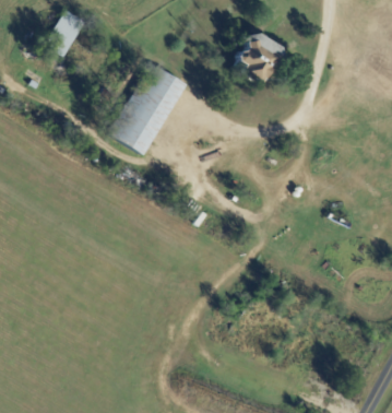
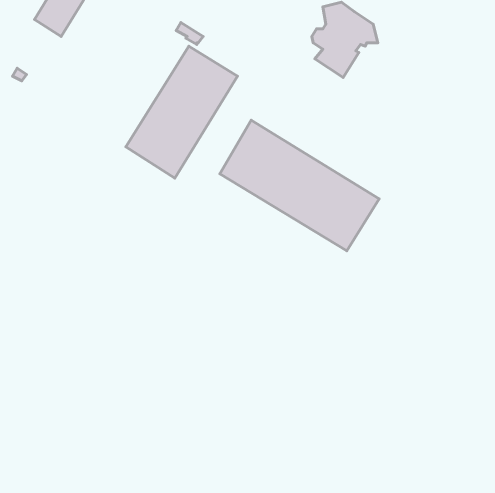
building: none -> [220,120,379,251]

